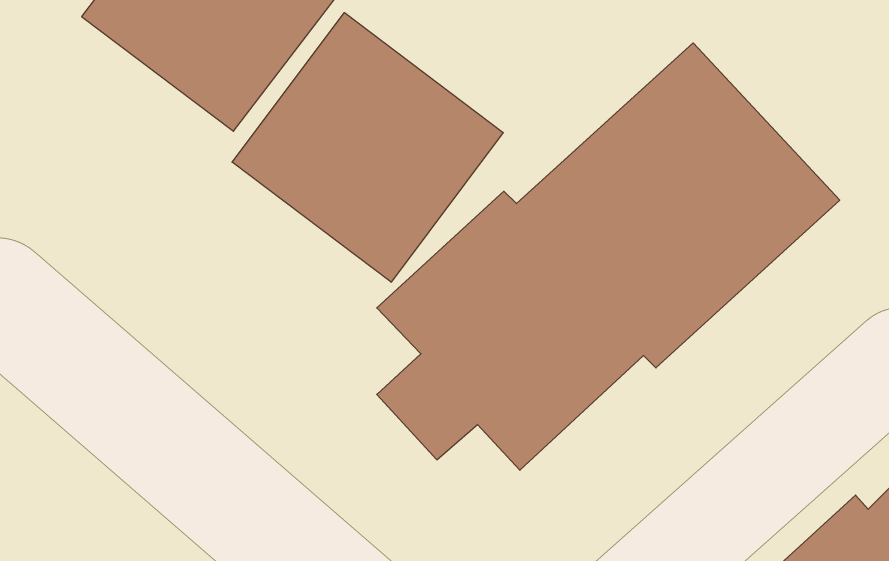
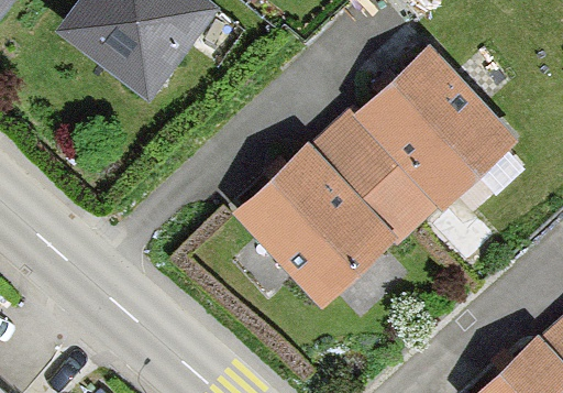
building: [232,13,503,282] -> none

